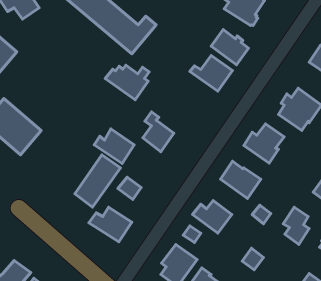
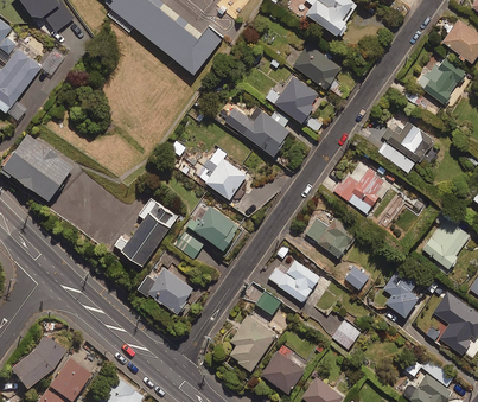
building: [105,65,149,100] -> [235,111,291,155]
building: [94,129,134,163] -> [187,206,238,250]

